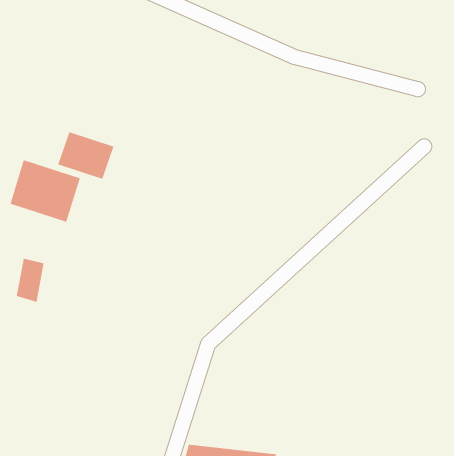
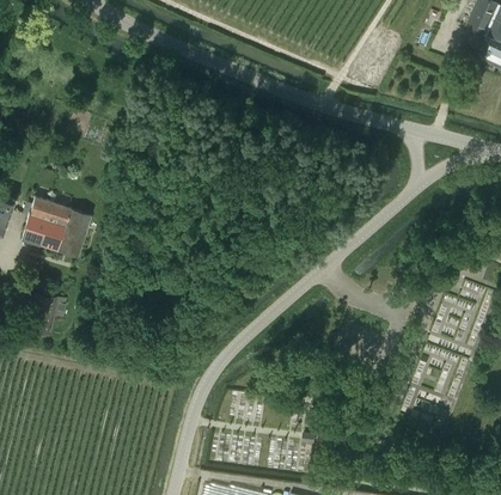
building: [57,131,115,180] -> none

